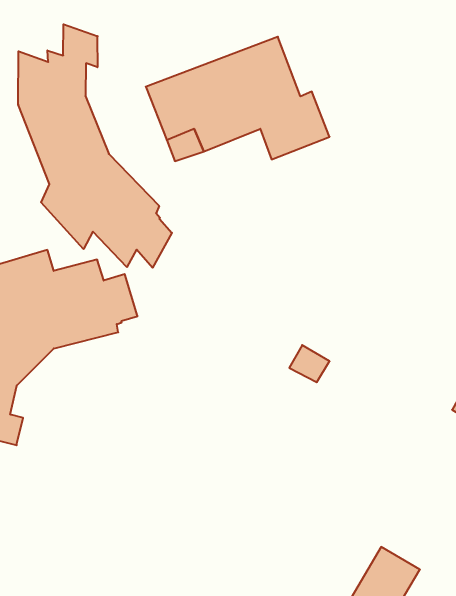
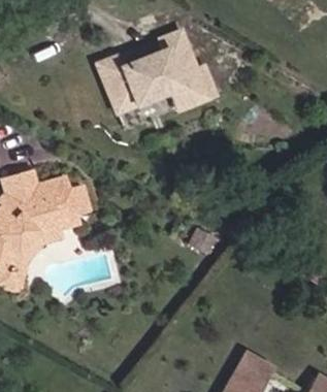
building: [18,24,172,268] -> none
building: none -> [10,221,80,293]

